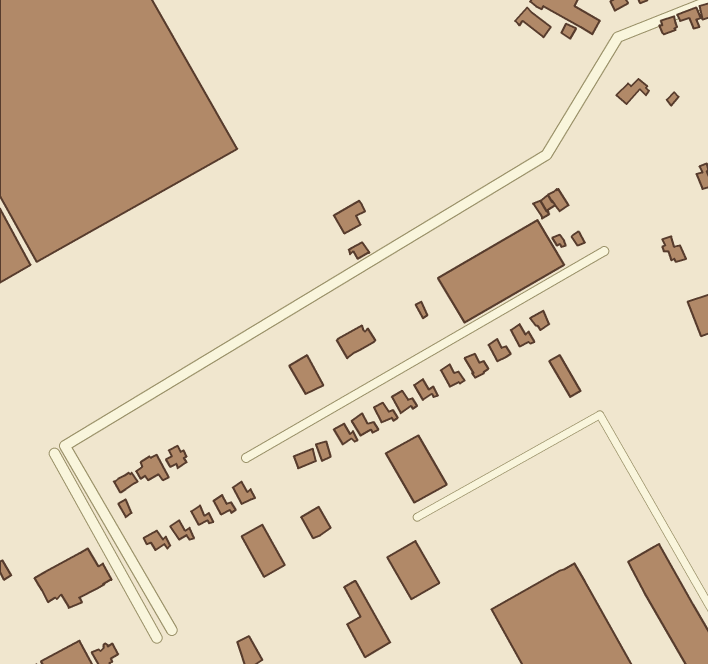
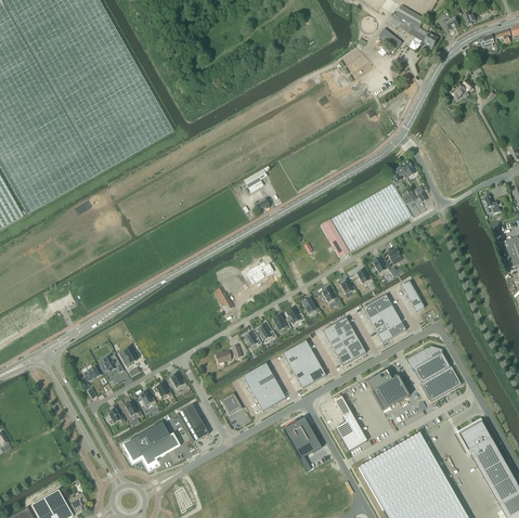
building: none -> [362,294,405,342]
building: none -> [322,316,365,365]
building: none -> [406,345,462,401]
building: none -> [242,362,286,411]
building: none -> [366,370,408,410]
building: [34,549,112,608] -> [122,422,179,465]
building: [344,581,390,657] -> [333,396,366,451]

